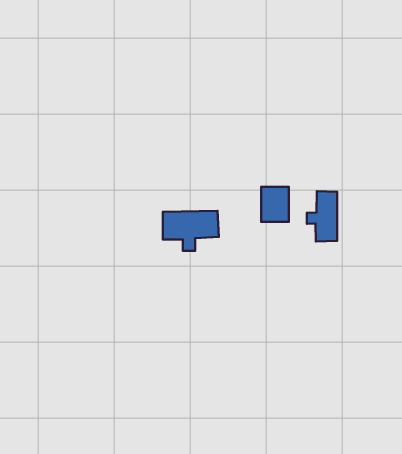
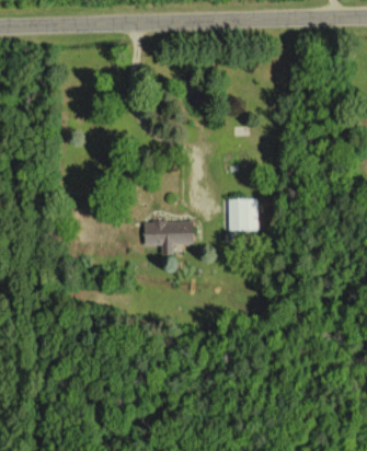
building: [307,191,337,241] -> none

